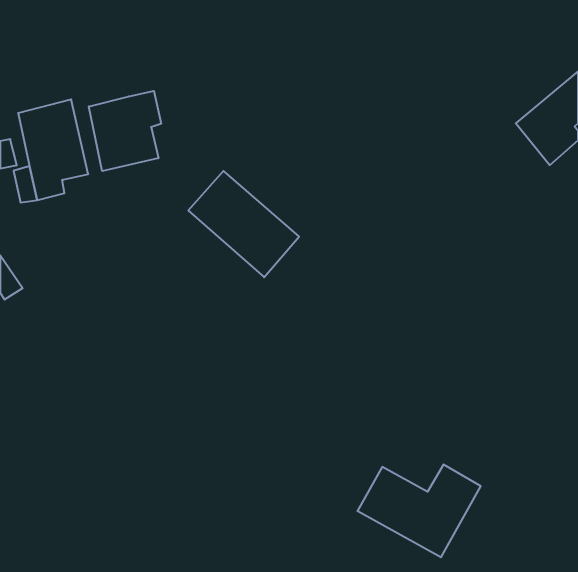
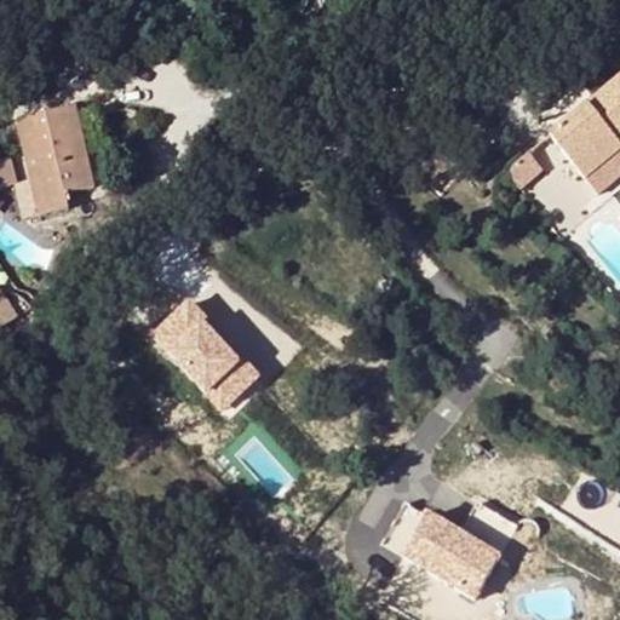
building: [89,91,161,171] -> none
building: [188,171,299,277] -> [140,295,259,409]

